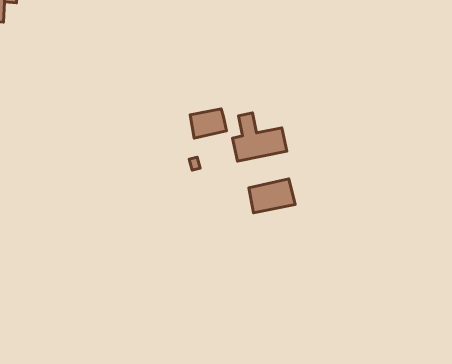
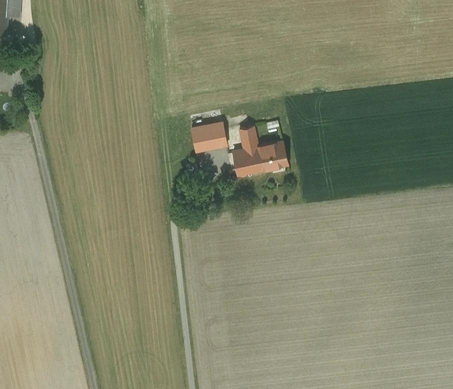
building: [249,179,295,213] -> none

